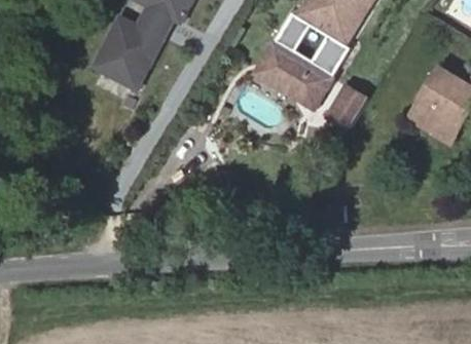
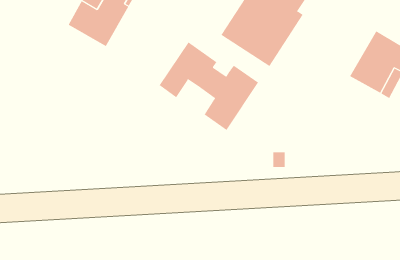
building: none -> [159,41,259,131]
building: [325,84,364,126] -> none

